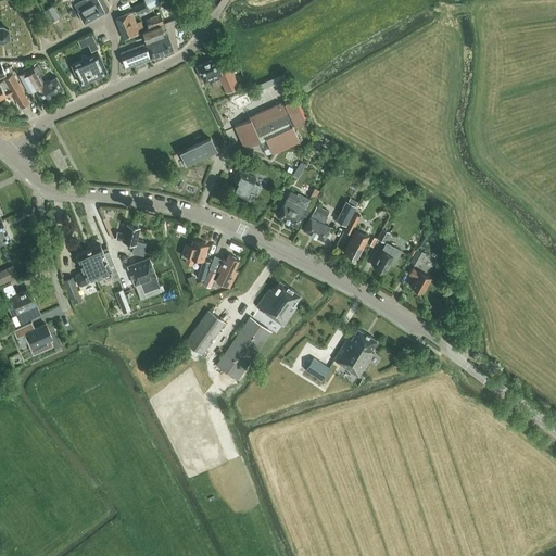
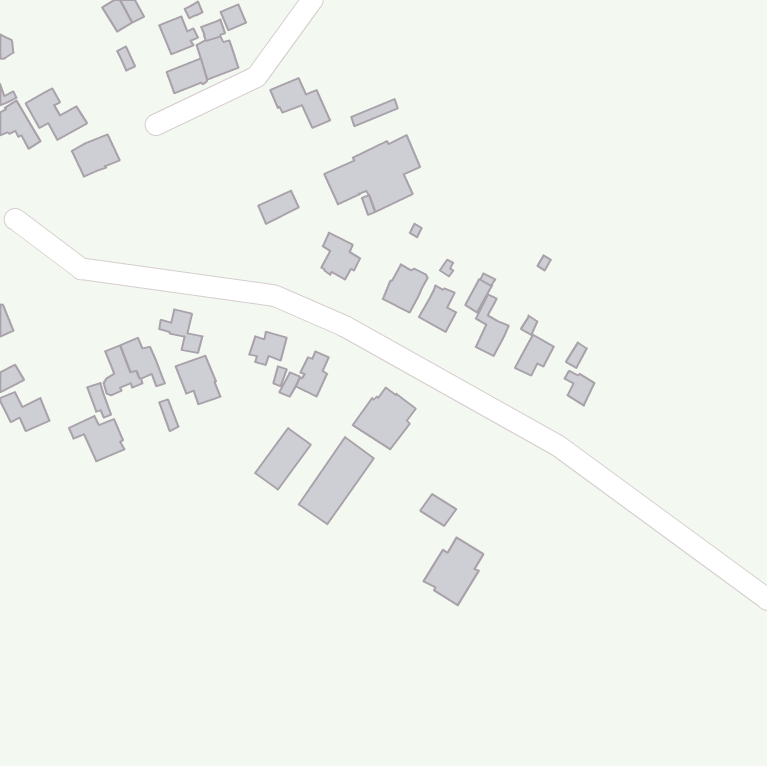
building: [72,54,106,85] -> [72,135,120,177]
building: [13,323,53,355] -> [69,416,125,461]
building: [333,329,377,378] -> [423,538,483,605]

